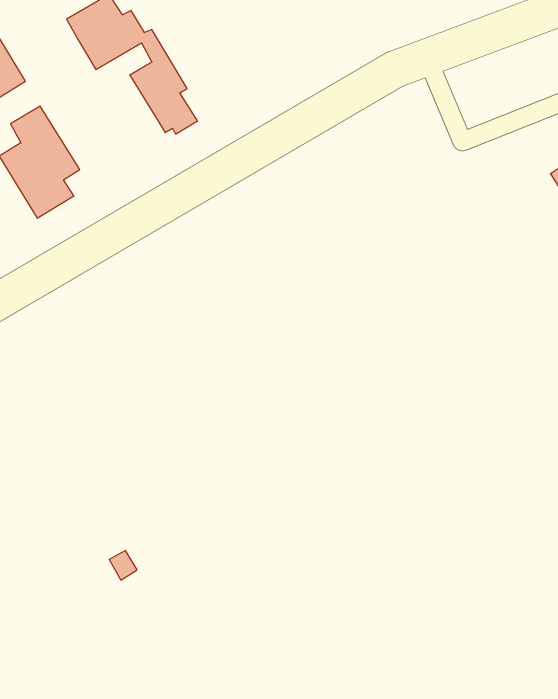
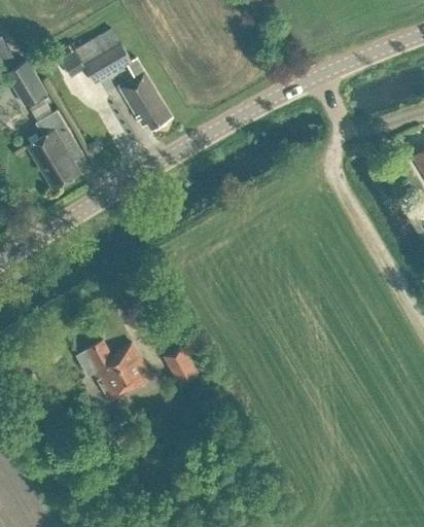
building: none -> [77,341,150,400]
building: none -> [163,346,197,385]

